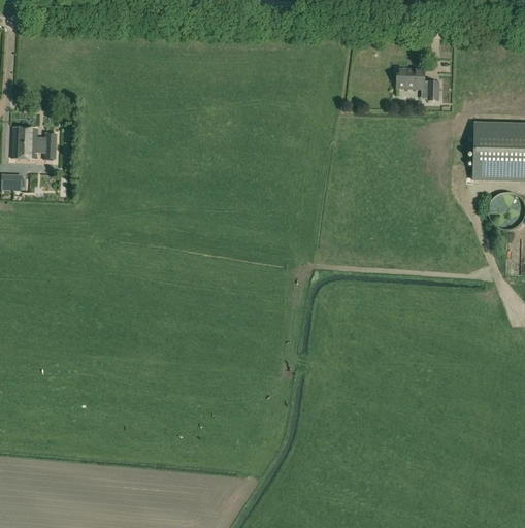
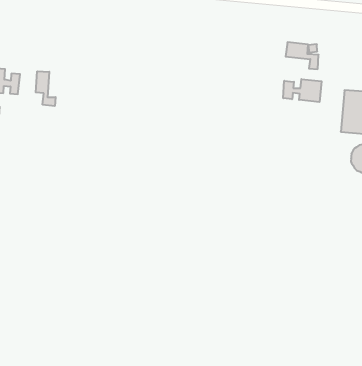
building: none -> [283,79,322,102]
building: none -> [36,71,56,106]

